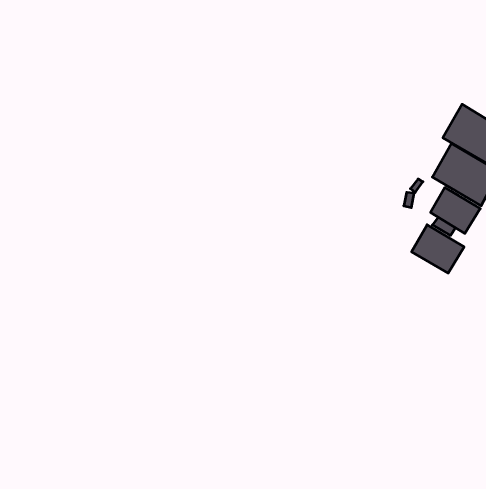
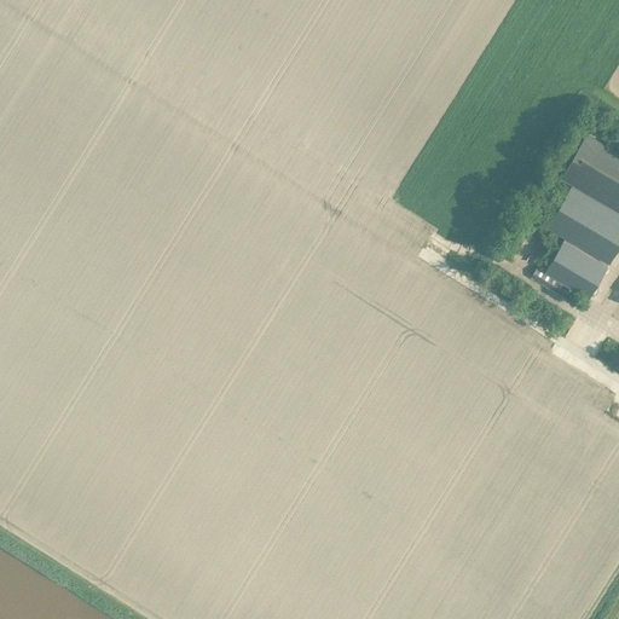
building: [412,225,464,273] -> none

